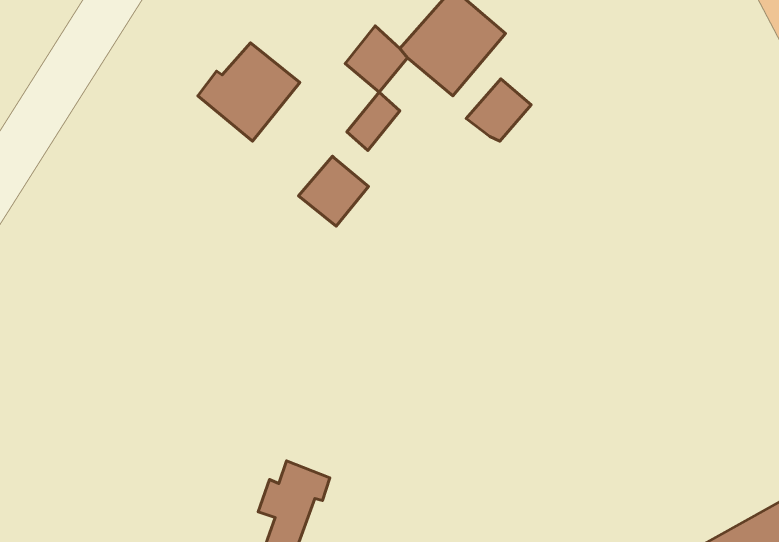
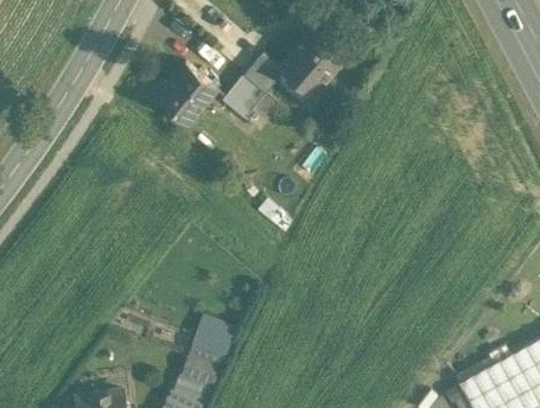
building: [466,79,531,141] -> none
building: [298,156,368,226] -> [222,75,266,119]

